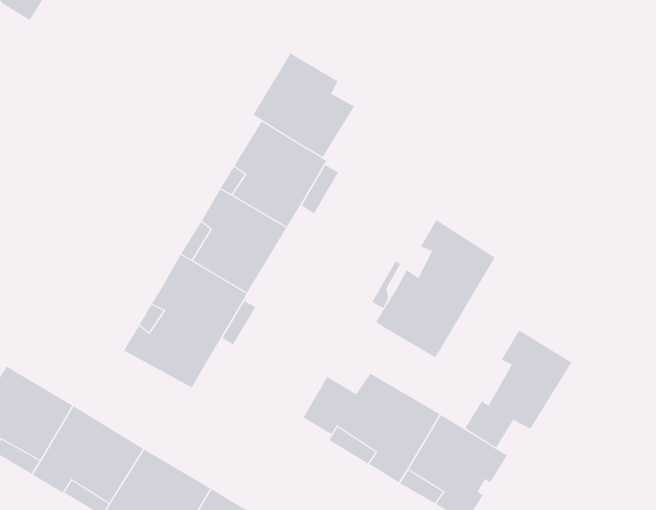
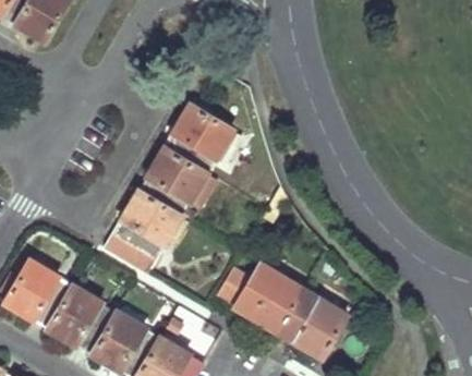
building: [253,52,355,158] -> none
building: [375,219,496,358] -> none
building: [464,330,572,448] -> none

